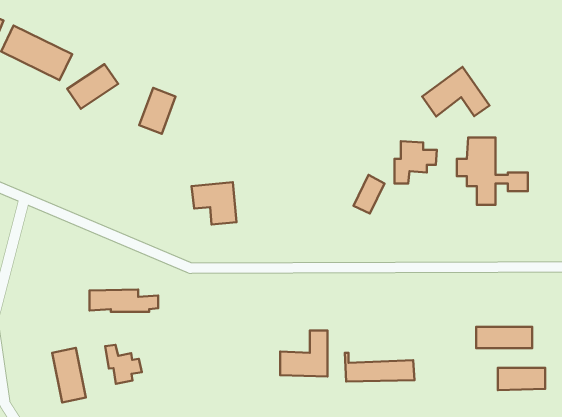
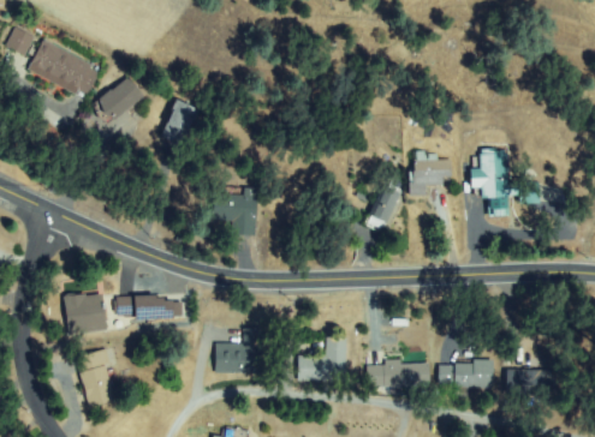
building: [422,67,489,116] -> none
building: none -> [65,294,103,331]
building: none -> [215,328,261,370]
building: [476,327,532,348] -> [435,364,489,384]
building: [105,345,142,384] -> none

